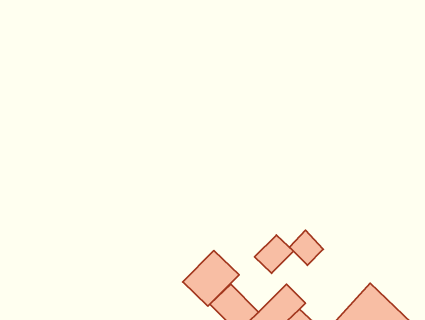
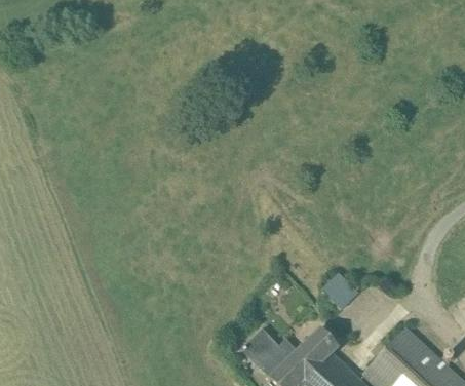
building: [255,235,293,273] -> none
building: [183,251,239,306] -> none

